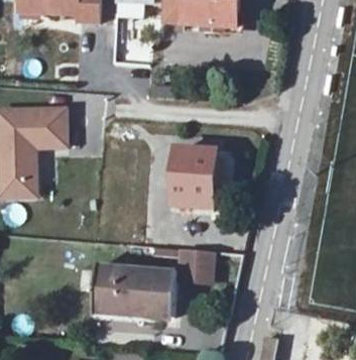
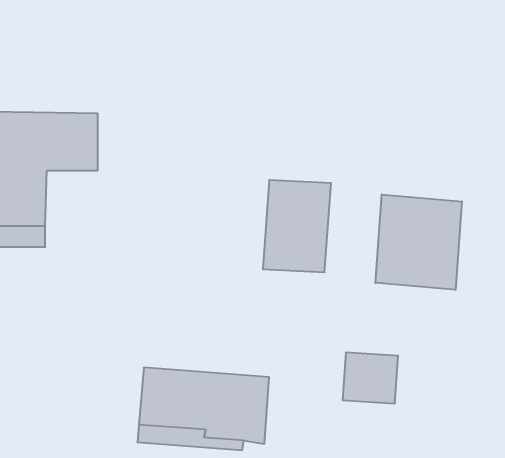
building: none -> [375,194,462,290]
building: [174,250,210,282] -> [343,353,398,403]

